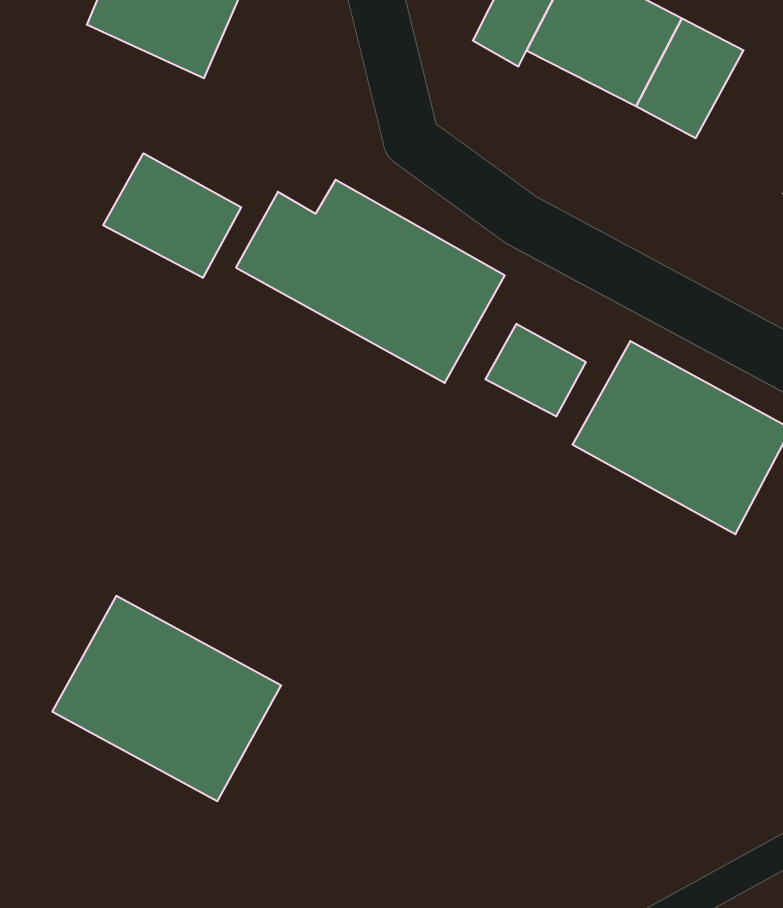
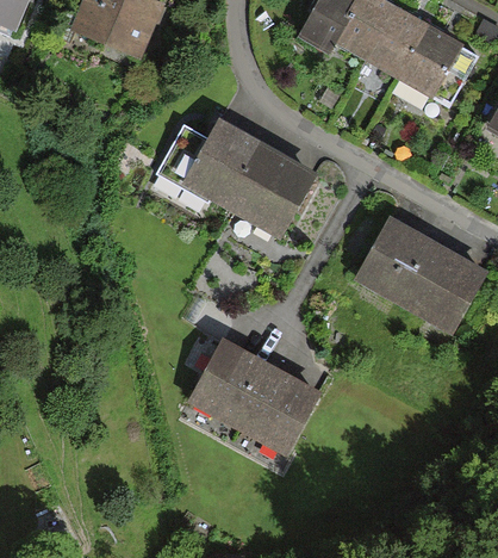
building: [103,153,241,278] -> none
building: [485,324,586,417] -> none
building: [52,596,281,801] -> [183,337,320,460]

